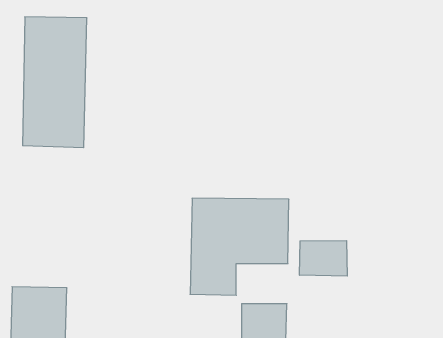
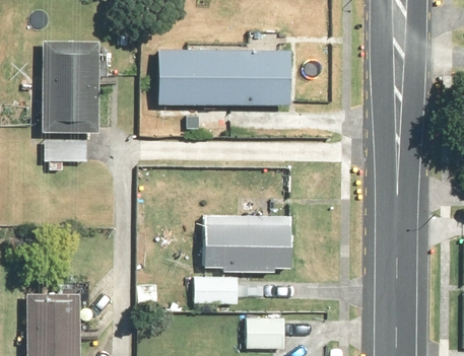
building: none -> [165,40,293,95]
building: [300,241,347,276] -> none

